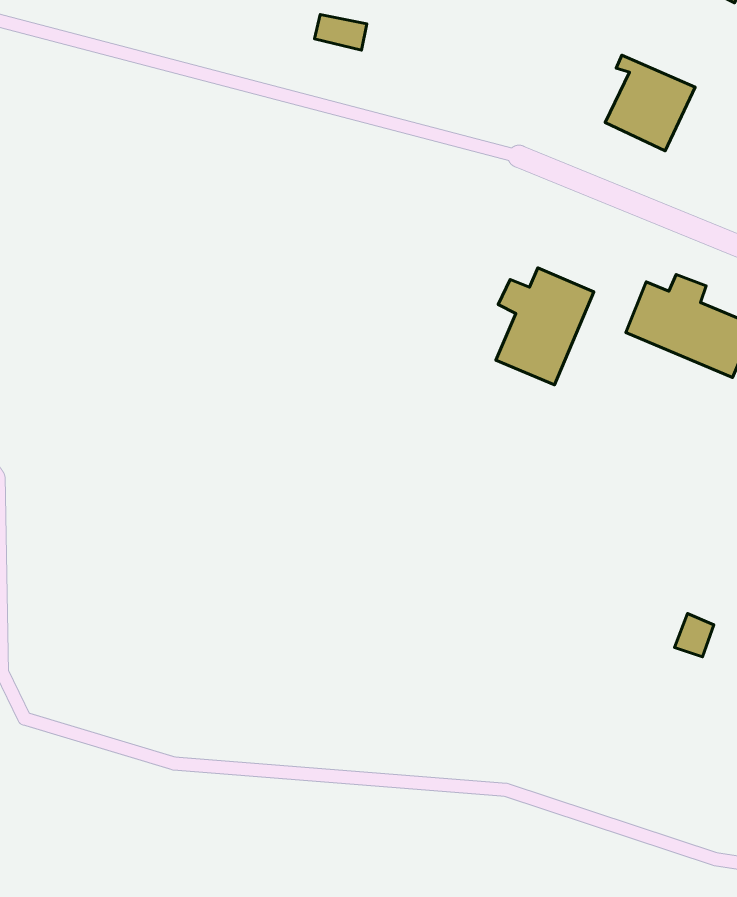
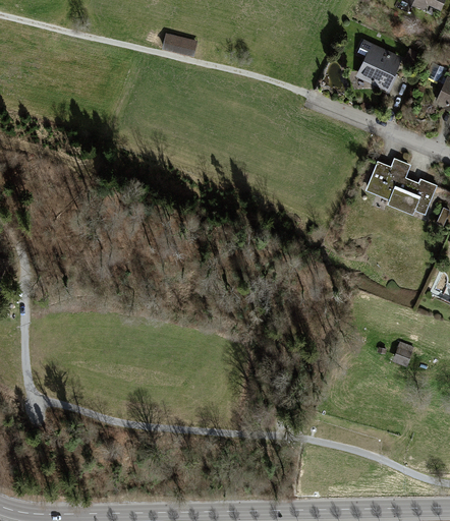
building: [315,15,367,50] -> [166,37,194,56]
building: [496,268,594,385] -> none

